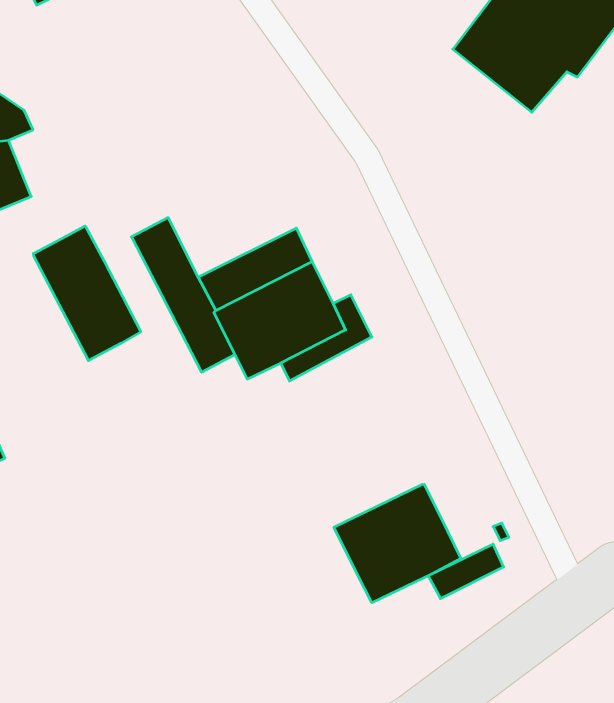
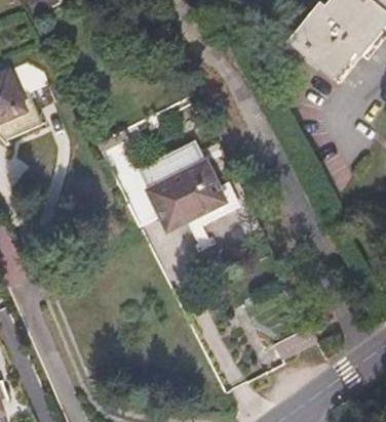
building: [33,226,141,361] -> none
building: [334,484,461,603] -> none

